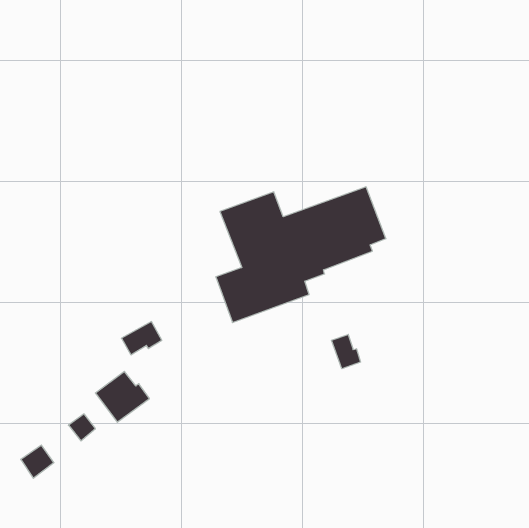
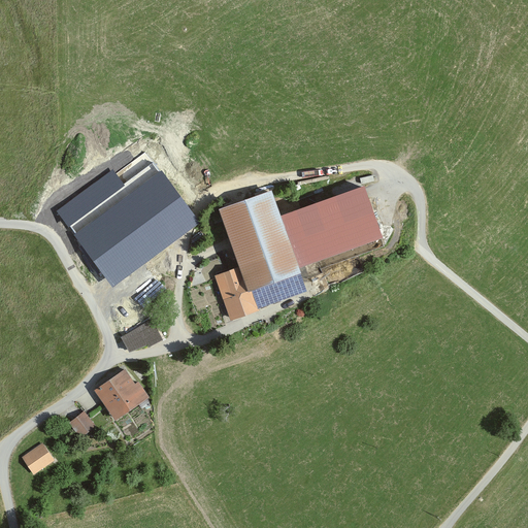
building: none -> [55,161,199,287]
building: [332,334,361,369] -> none

